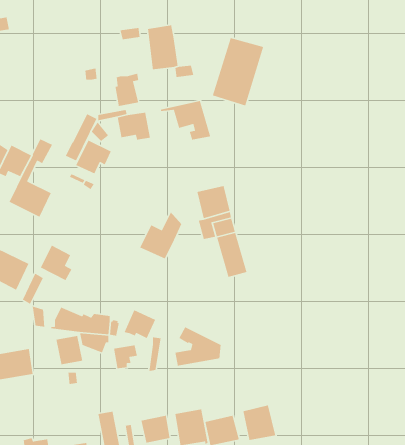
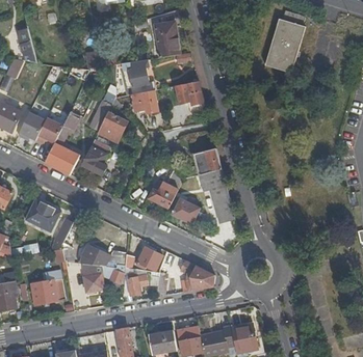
building: [212,37,264,106] -> [264,19,306,74]
building: none -> [168,195,200,225]
building: [40,244,72,281] -> [80,146,106,175]

